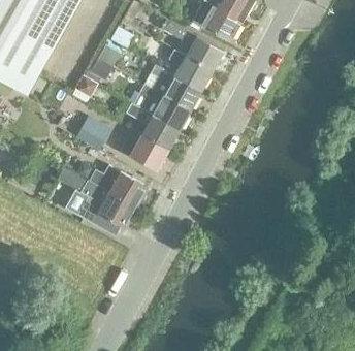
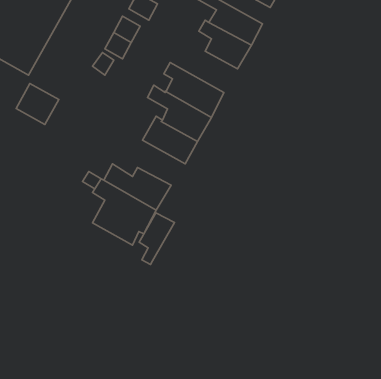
building: [143,64,199,108] -> none
building: [75,116,110,150] -> [16,83,59,125]
building: none -> [139,213,175,264]

